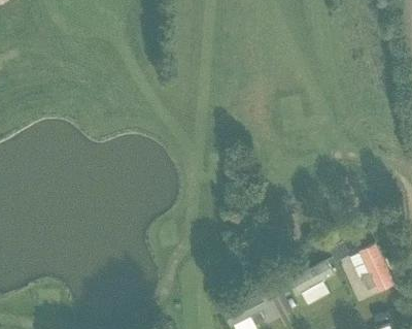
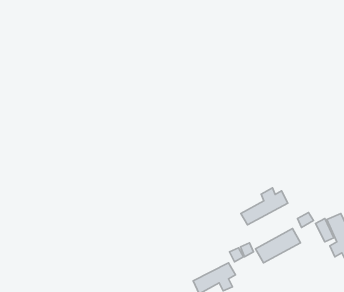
building: none -> [241,188,288,225]

